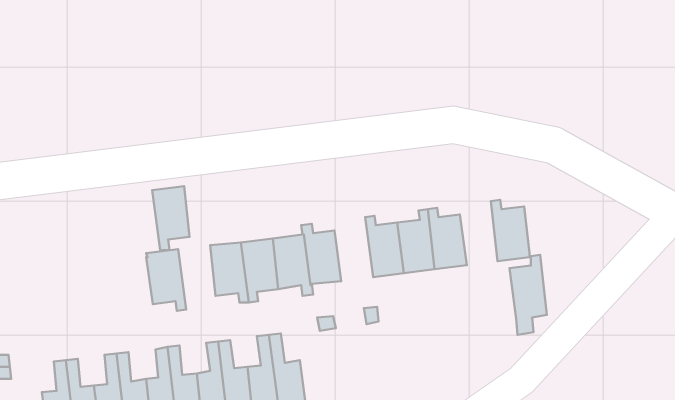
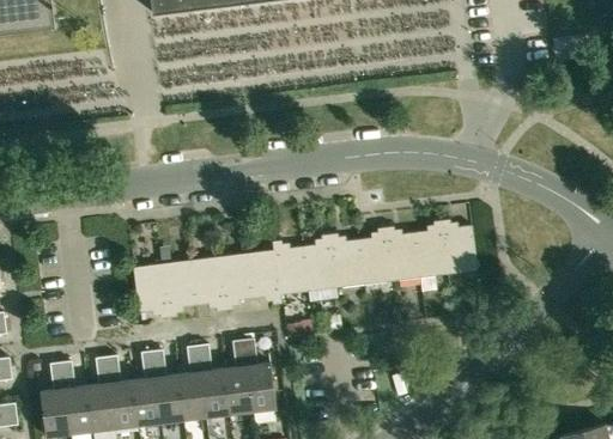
building: [152,186,189,250] -> [162,260,195,317]
building: none -> [302,234,336,292]
building: [509,255,547,335] -> [414,220,448,292]

